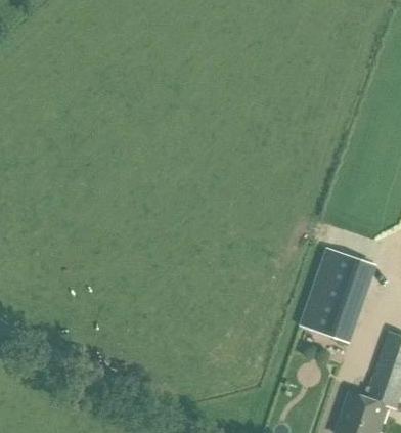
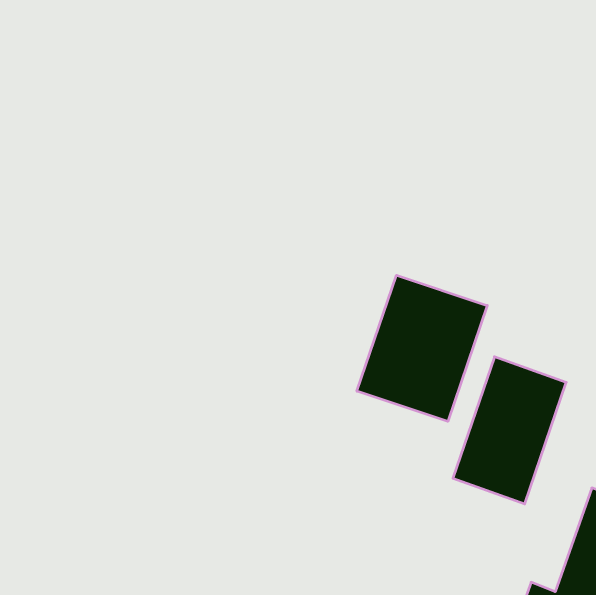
building: none -> [357,275,487,421]

